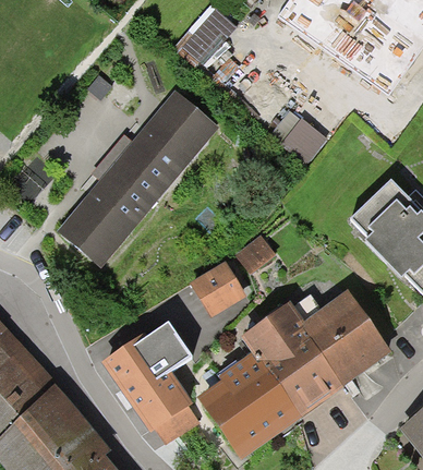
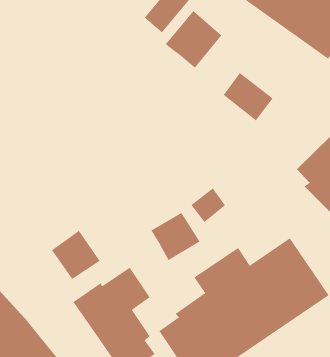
building: none -> [165,10,222,68]
building: [58,88,218,265] -> none
building: none -> [51,230,100,280]

